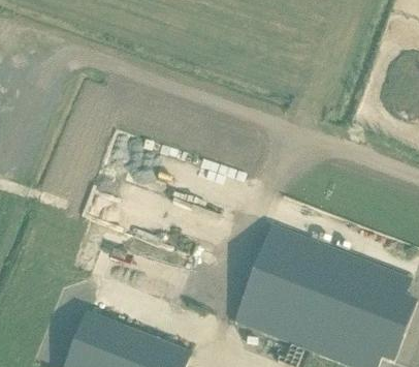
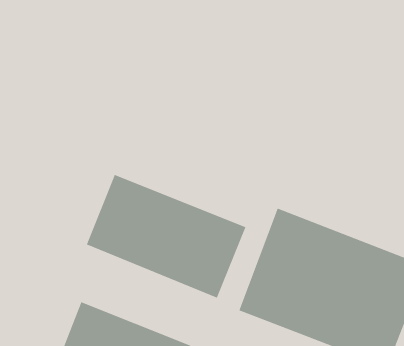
building: none -> [86,174,246,298]

